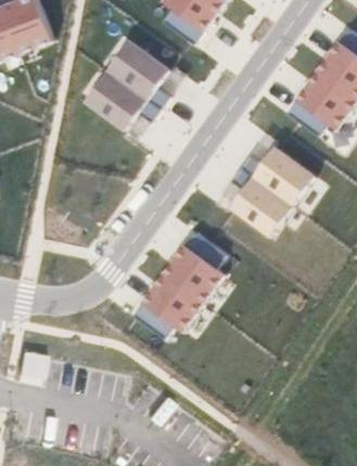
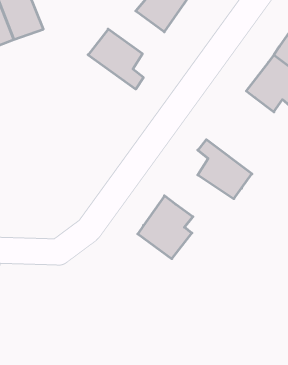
building: [88,68,163,127] -> none
building: [243,144,317,204] -> none
building: [133,273,204,337] -> none

